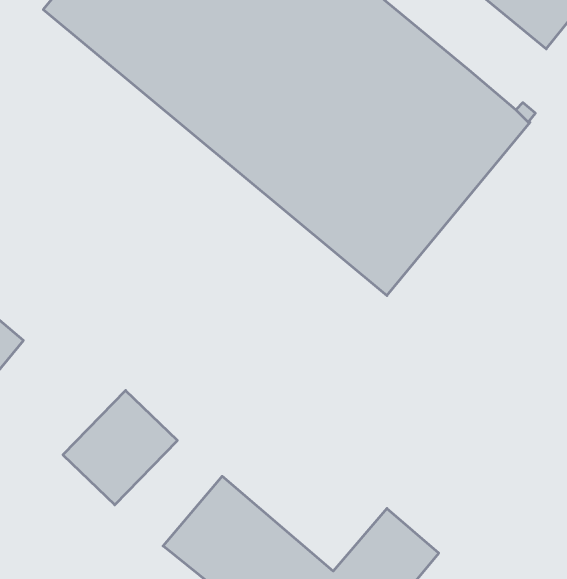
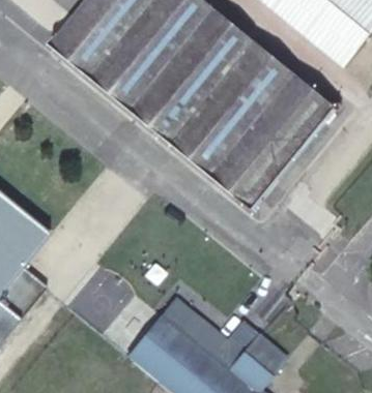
building: none -> [158,296,253,368]

